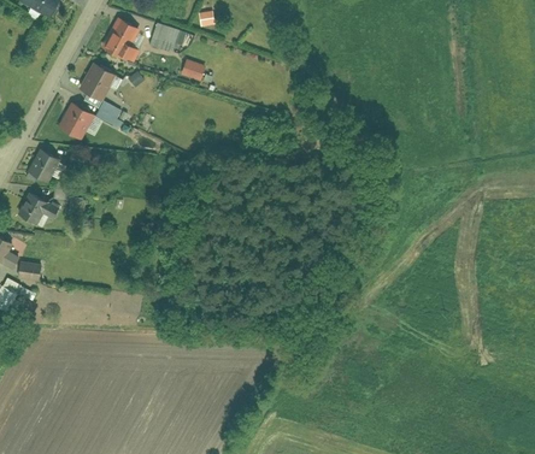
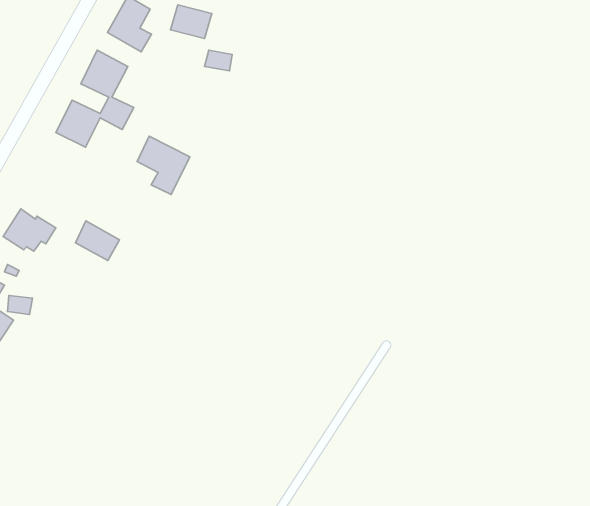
building: none -> [137,136,190,195]
building: [31,148,67,181] -> [75,221,119,260]

